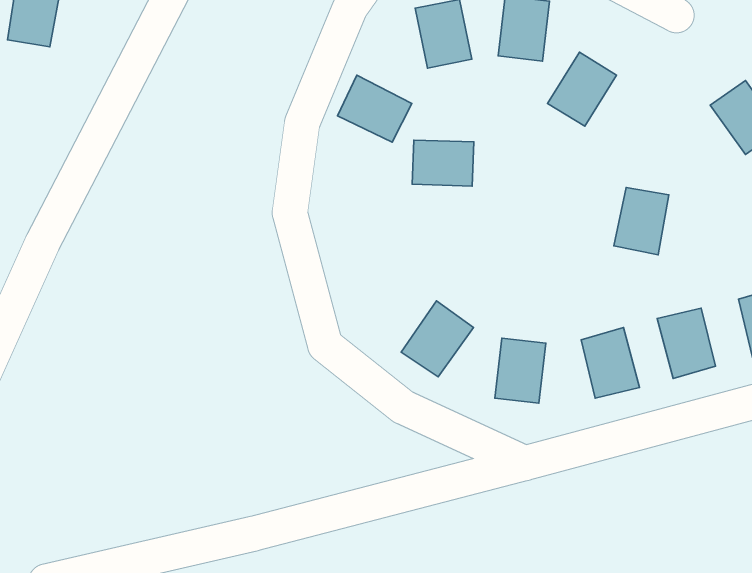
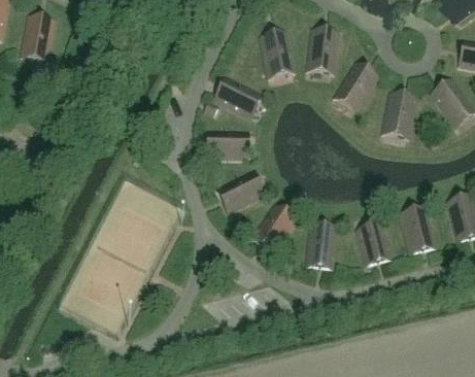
building: [412,140,474,186] -> [208,132,244,159]
building: [614,188,669,255] -> [384,95,416,134]
building: none -> [217,174,261,213]

